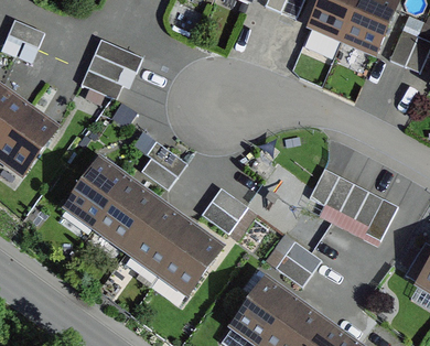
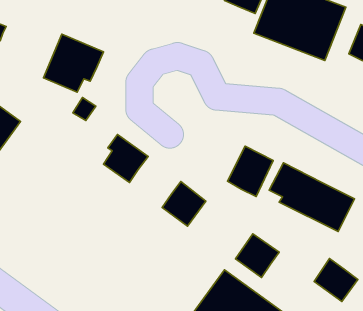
building: none -> [228,146,273,196]
building: [64,158,223,293] -> none
building: none -> [314,259,358,301]

